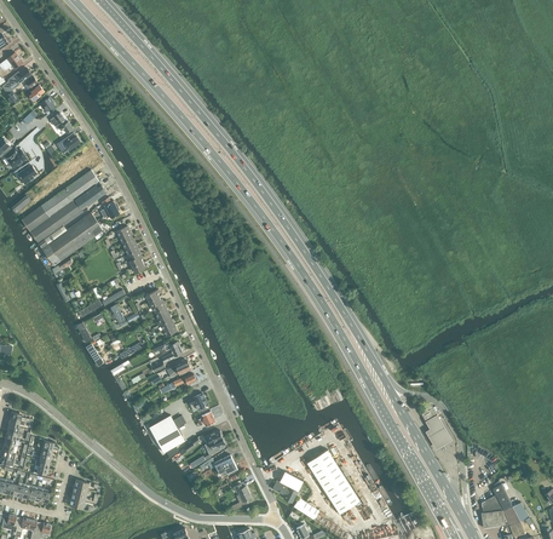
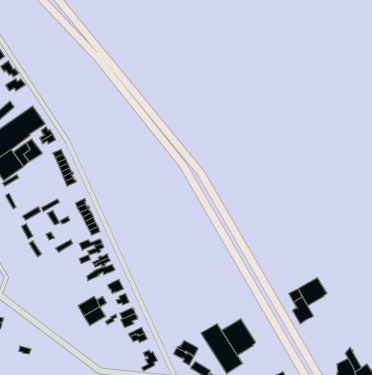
building: none -> [298,278,327,306]
building: none -> [222,319,255,355]

